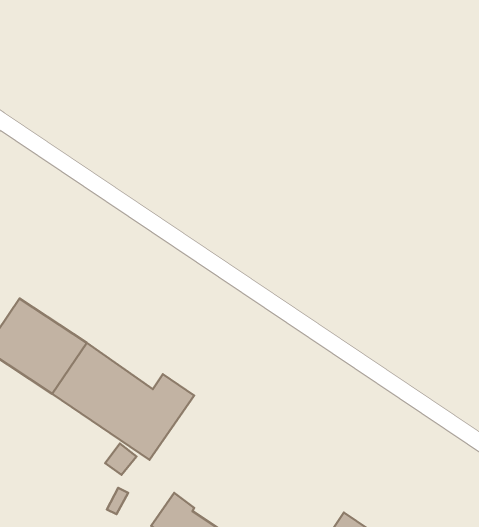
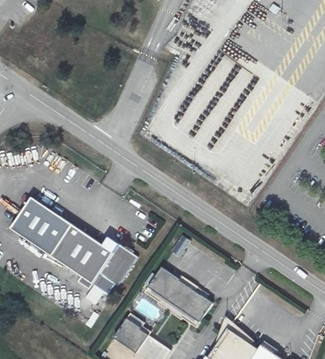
building: none -> [145,264,211,320]

